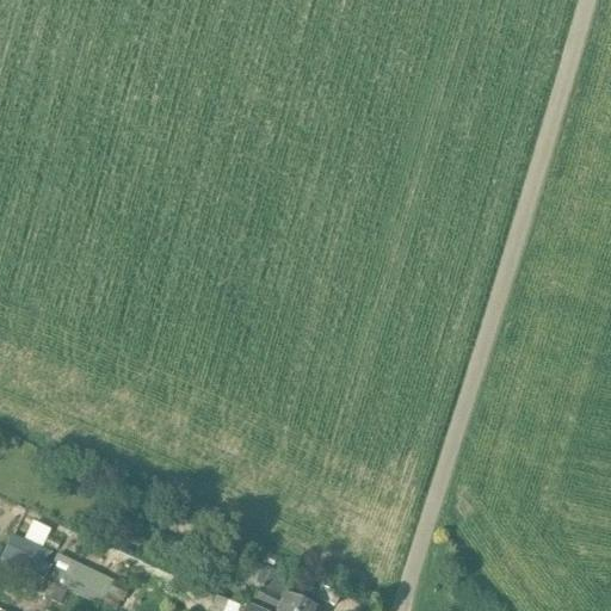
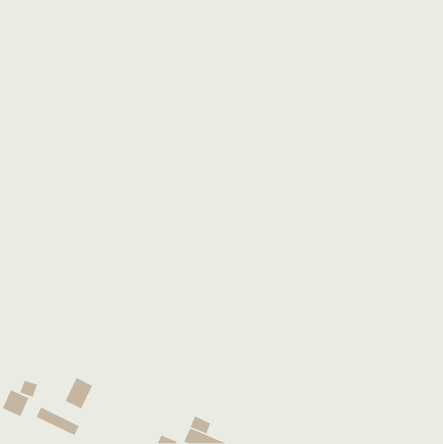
building: none -> [65,377,93,409]

